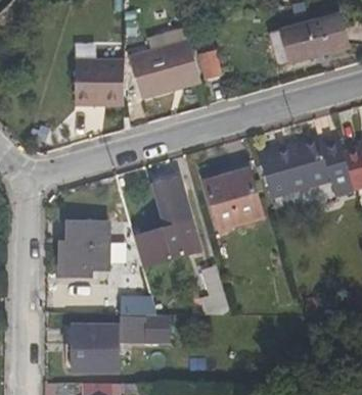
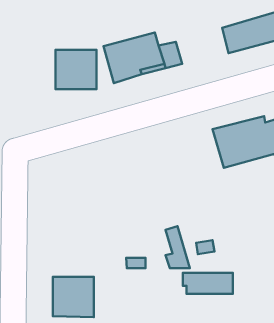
building: [207,170,262,229] -> none
building: [133,177,202,270] -> none
building: [67,221,107,278] -> none
building: [121,317,179,342] -> [183,273,233,294]

